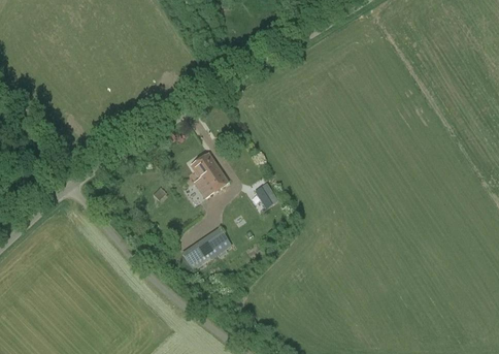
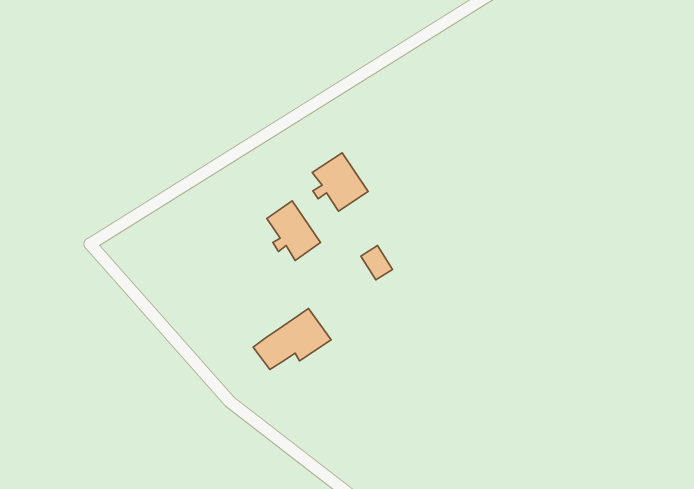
building: none -> [312,153,368,211]

